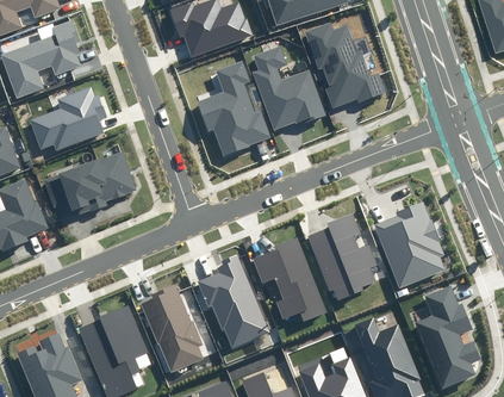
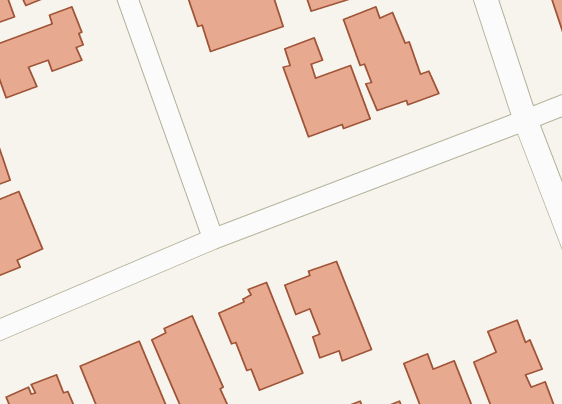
building: [194,62,270,154] -> none
building: [29,85,107,150] -> none
building: [44,151,136,217] -> none
building: [374,201,444,286] -> none
building: [306,213,378,300] -> none

